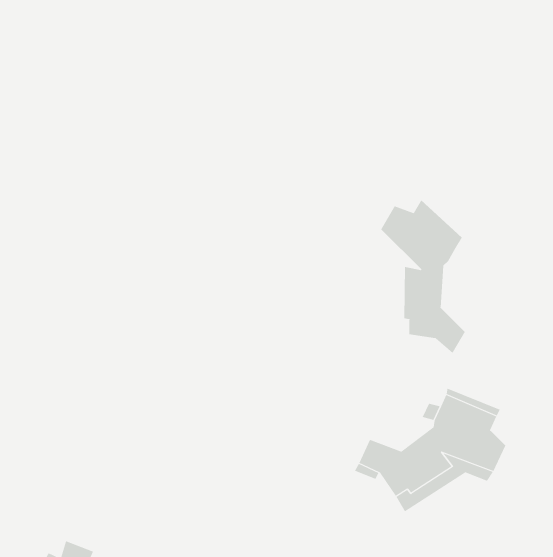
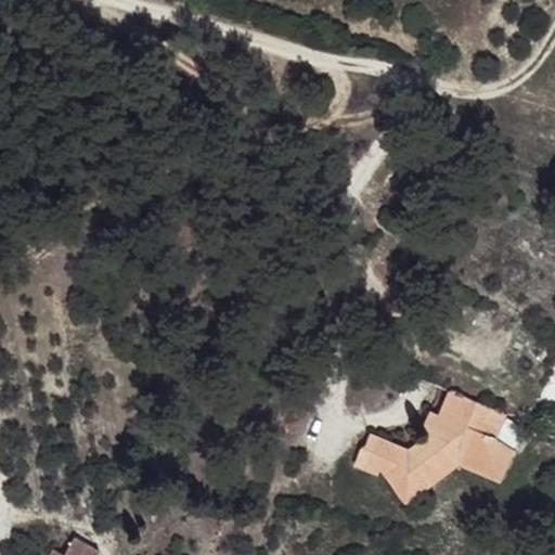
building: [380,199,465,354] -> none

